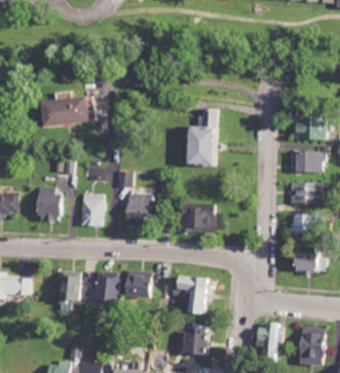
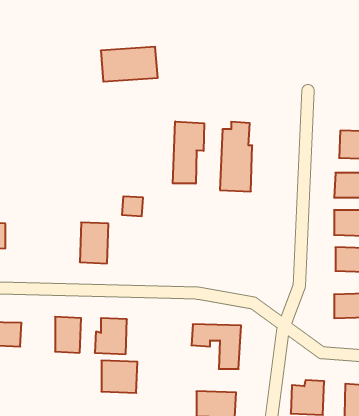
building: [43,97,90,125] -> [101,47,158,82]
building: none -> [173,121,204,184]
building: [35,186,64,220] -> none
building: [126,193,159,227] -> none
building: [183,203,218,232] -> none
building: [126,270,156,297] -> [101,361,137,393]

